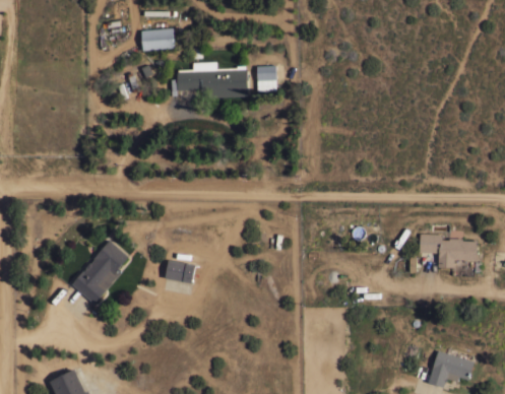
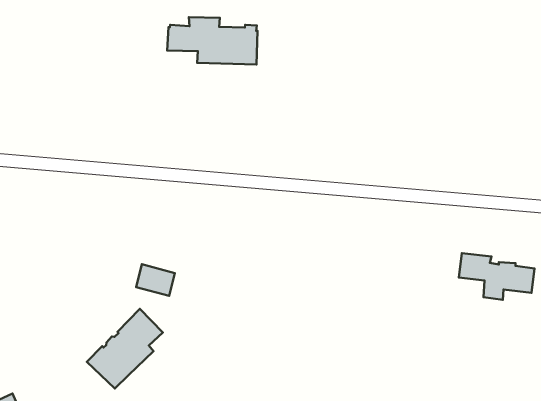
building: [257,66,277,92] -> none
building: [71,240,129,304] -> [87,309,163,388]

